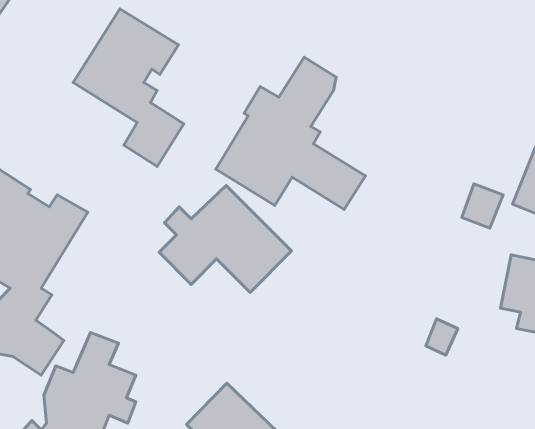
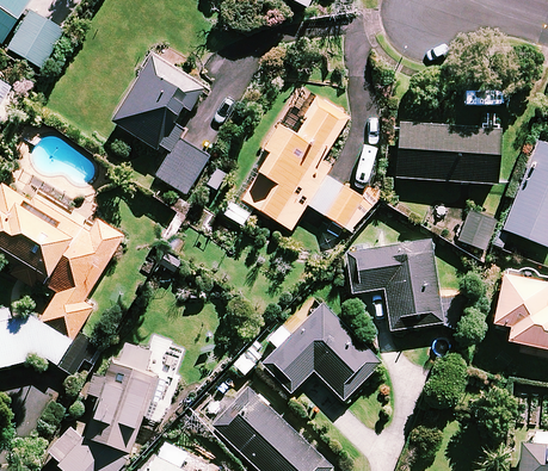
building: none -> [396,123,500,184]
building: [159,185,291,292] -> [263,304,381,399]
building: none -> [346,240,466,329]

